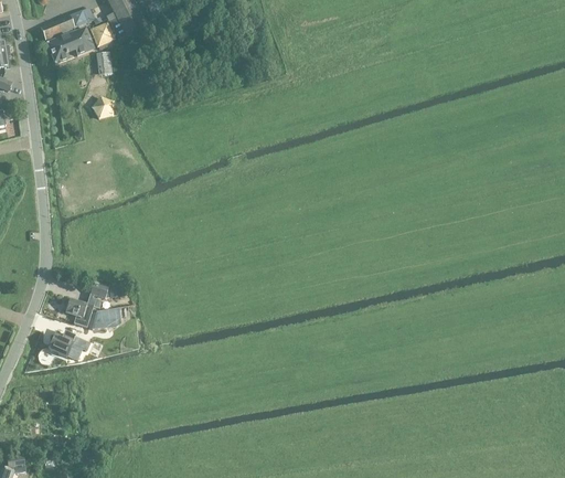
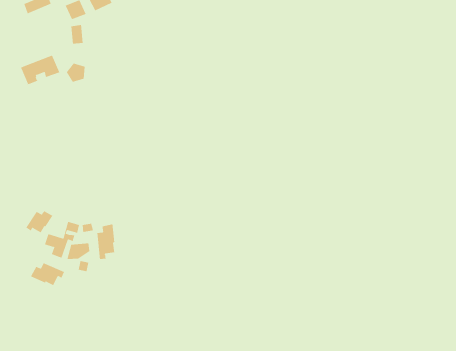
building: [46,26,94,63] -> [20,55,60,86]
building: none -> [25,210,53,233]
building: none -> [97,224,115,260]

